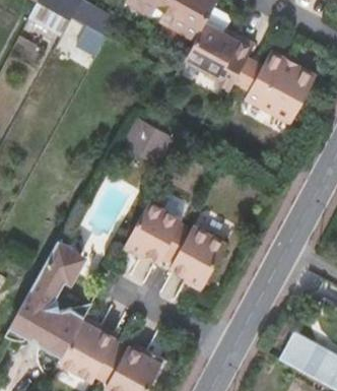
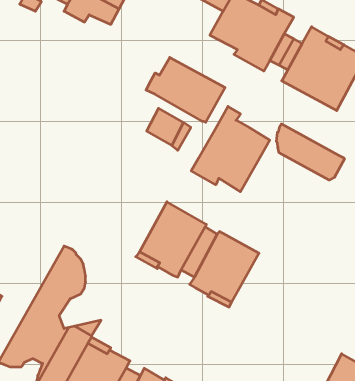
building: none -> [146,57,225,122]
building: none -> [191,106,270,192]
building: none -> [276,124,344,180]

